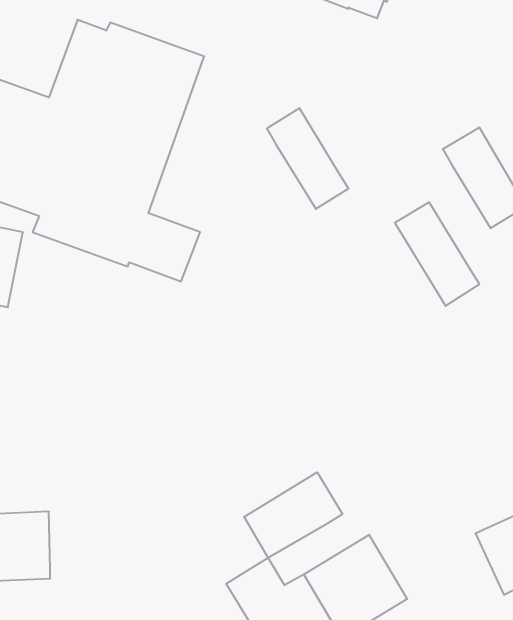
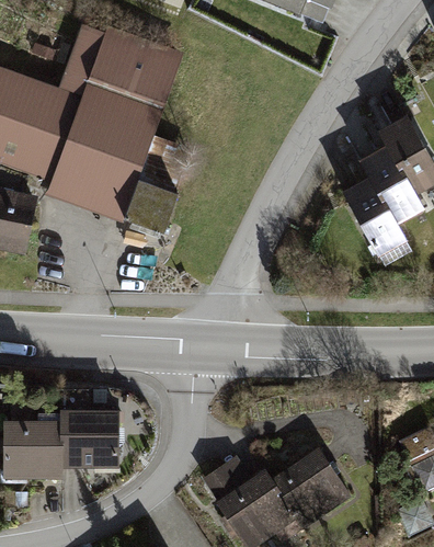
building: [267,108,349,209] -> [357,143,423,224]
building: [244,472,342,558] -> none
building: none -> [59,404,123,467]

